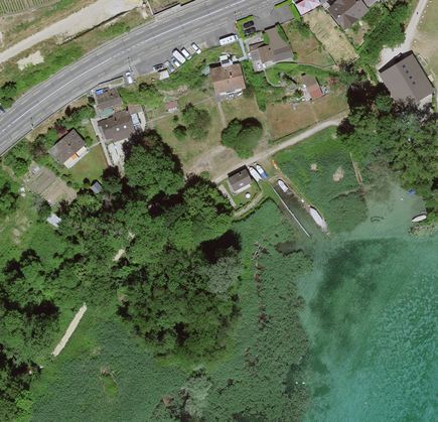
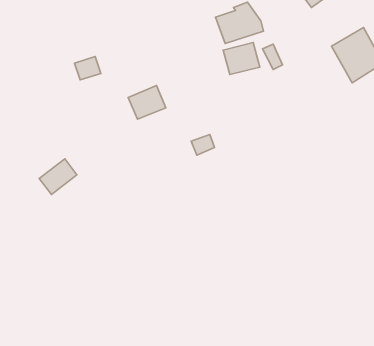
building: [210,59,250,94] -> [223,43,260,75]
building: [96,108,136,144] -> [128,85,166,119]
building: [48,128,89,166] -> [39,159,77,195]

